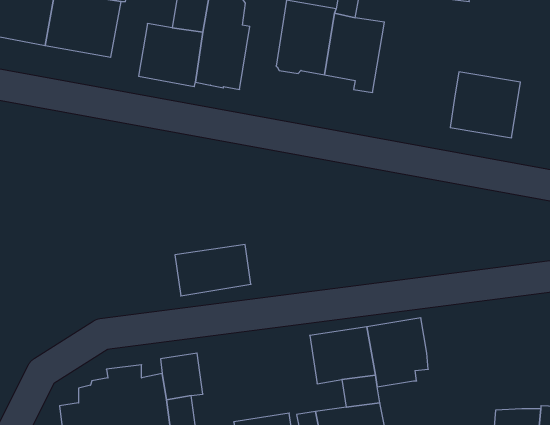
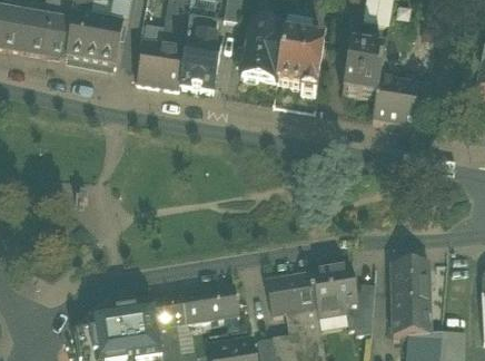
building: none -> [342,41,384,97]
building: [175,245,251,296] -> [180,283,238,322]
building: none -> [390,262,429,334]
building: none -> [345,283,374,330]

